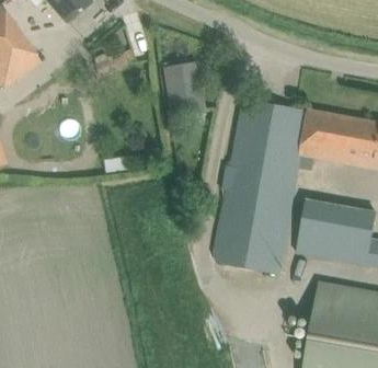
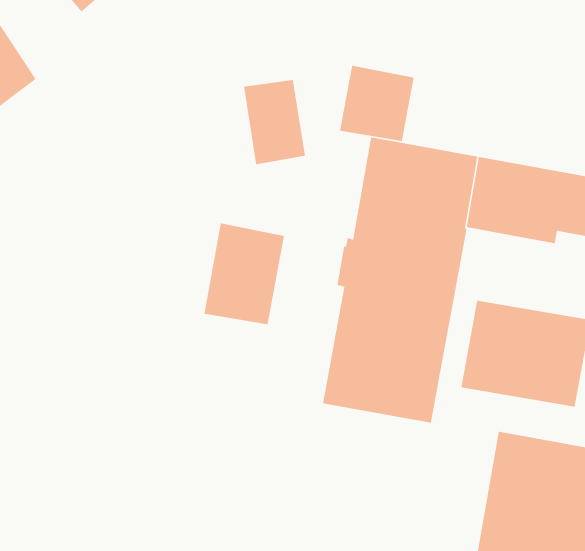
building: none -> [339,65,415,142]
building: none -> [203,223,285,325]

